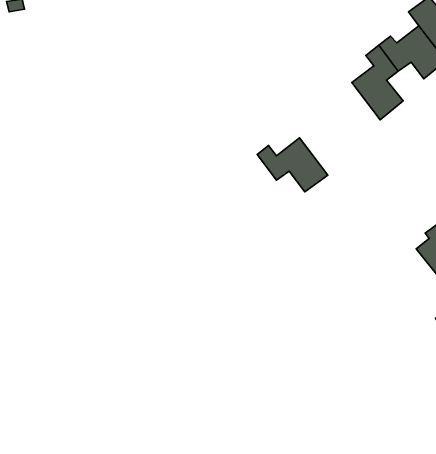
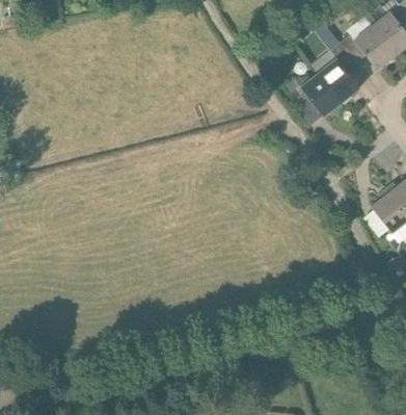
building: [257,138,328,192] -> [287,72,344,115]

